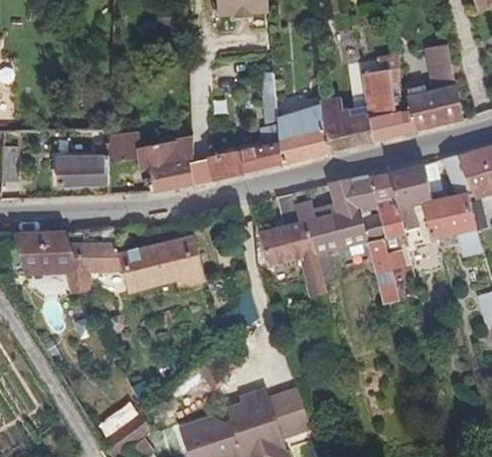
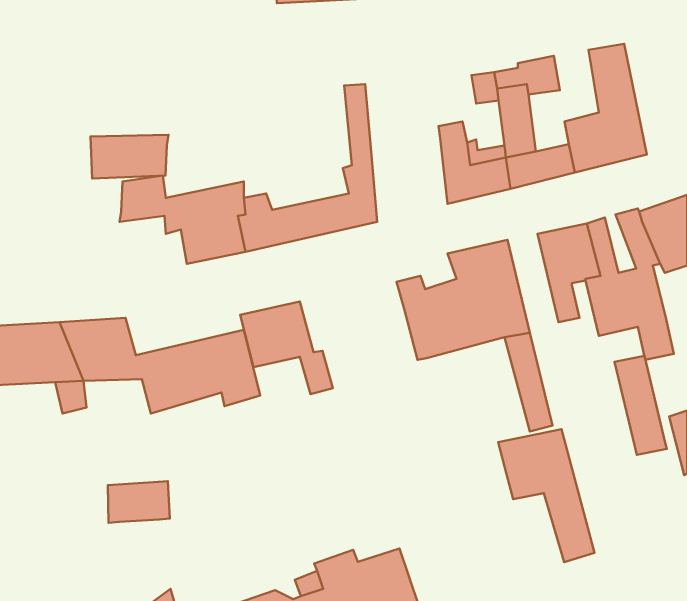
building: [278,108,329,164] -> none
building: [57,157,110,186] -> [91,135,168,178]
building: [369,172,404,239] -> [614,356,667,455]
building: [260,222,322,285] -> [240,301,333,394]
building: none -> [498,429,594,562]
building: none -> [108,481,170,523]

